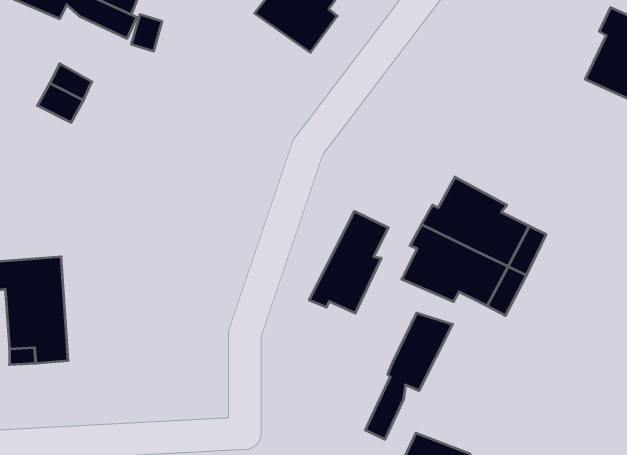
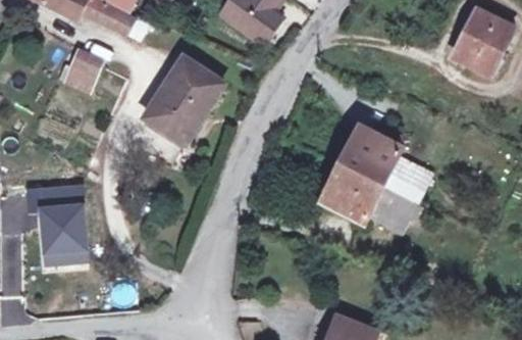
building: none -> [144,56,220,146]
building: [309,211,388,313] -> none
building: [365,313,453,439] -> none

